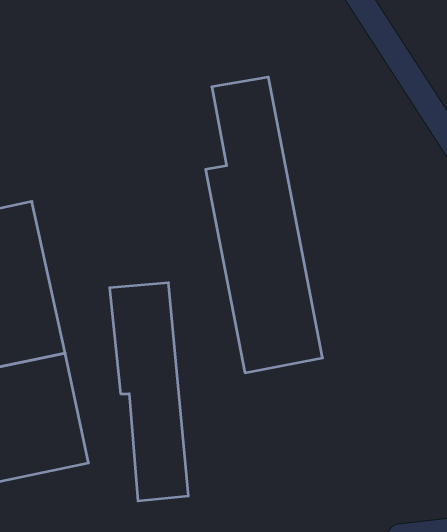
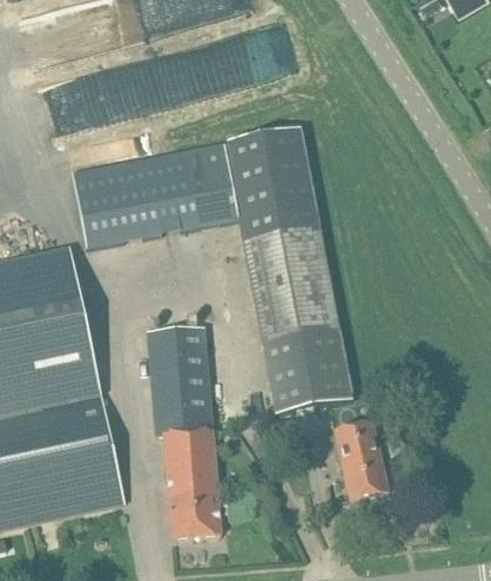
building: none -> [72,138,257,245]
building: none -> [334,420,387,499]

